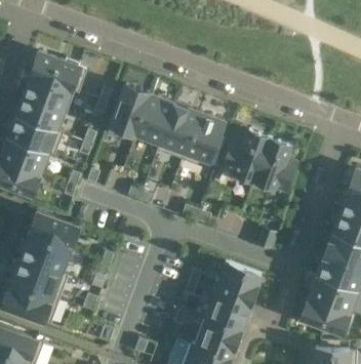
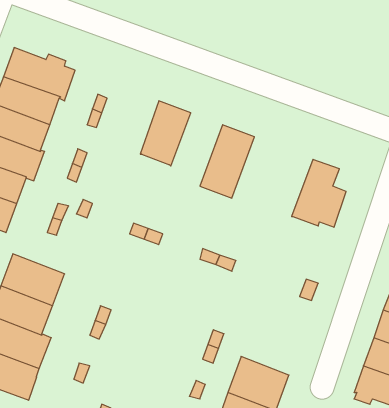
building: [108,84,150,141] -> none
building: [156,103,199,159] -> none
building: [222,130,269,187] -> none
building: [213,262,260,305] -> none

